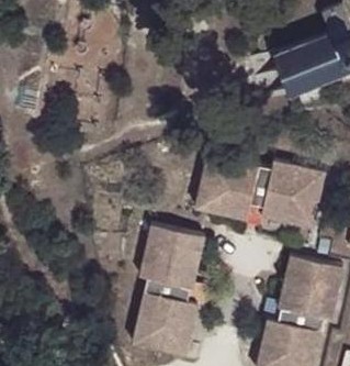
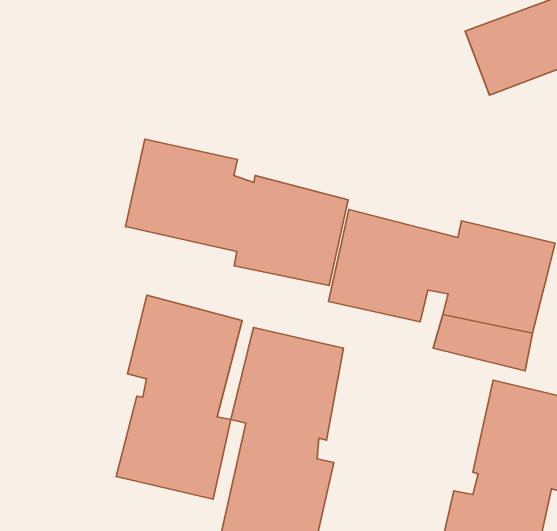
building: none -> [125,139,348,286]
building: none -> [116,295,242,499]

